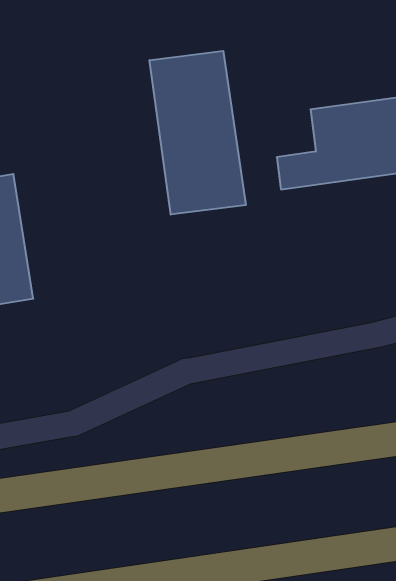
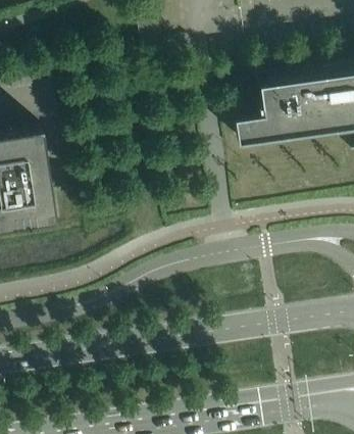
building: [150,51,246,215] -> none

